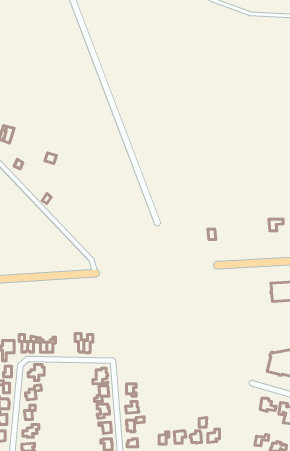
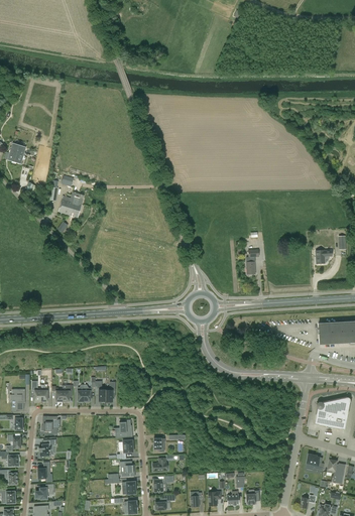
building: none -> [58,191,83,217]

